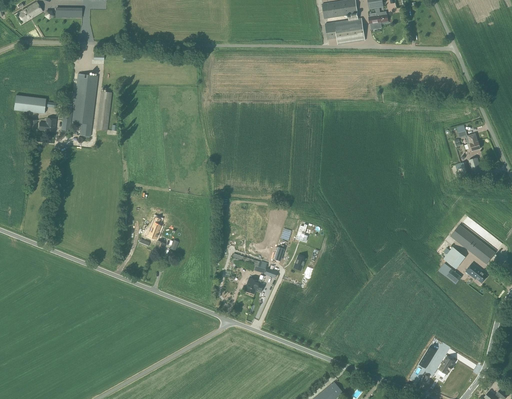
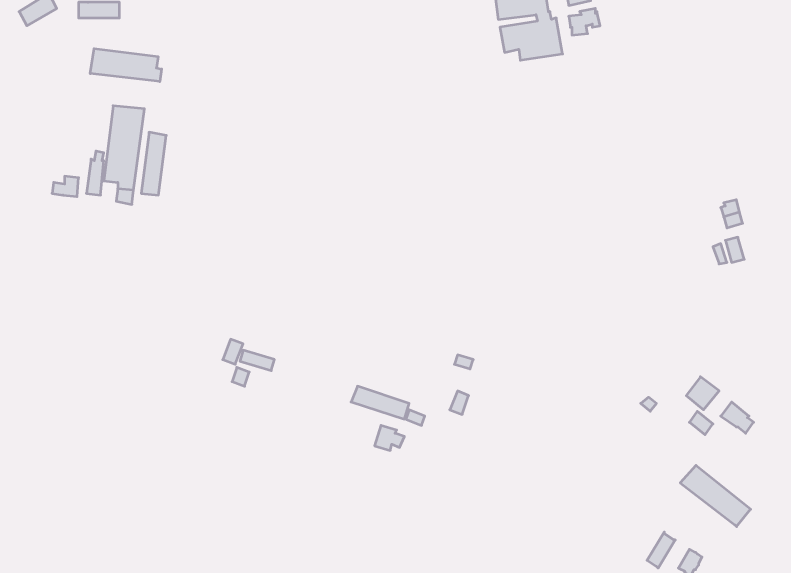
building: none -> [90,49,162,82]
building: [14,94,46,113] -> none
building: [450,224,495,263] -> [680,465,751,527]

